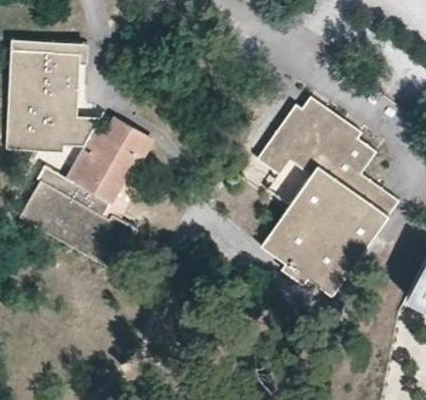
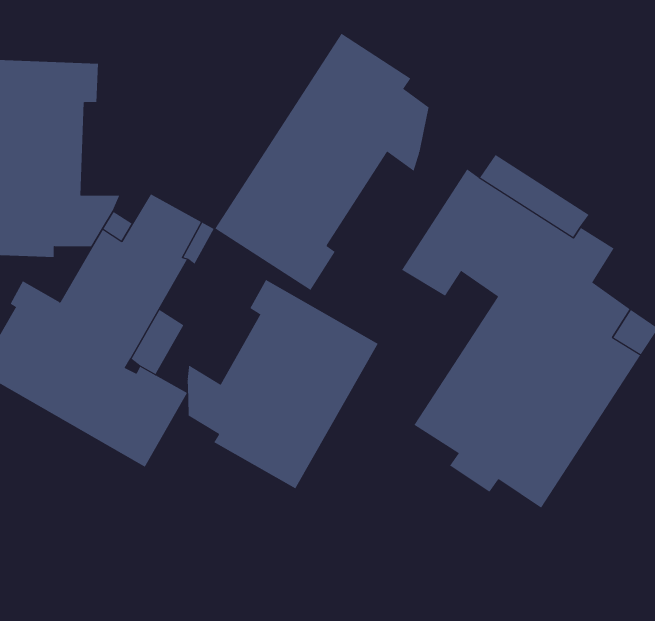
building: none -> [214,33,429,291]
building: none -> [187,279,379,489]

